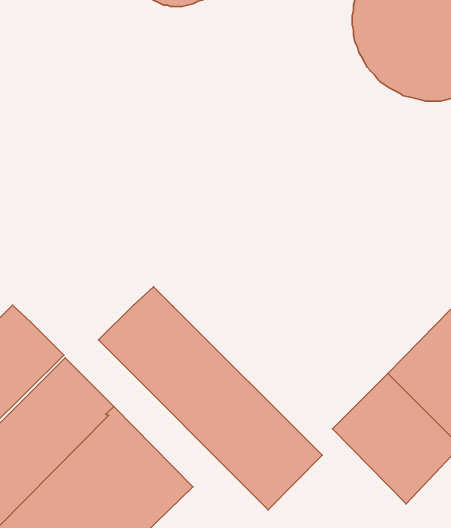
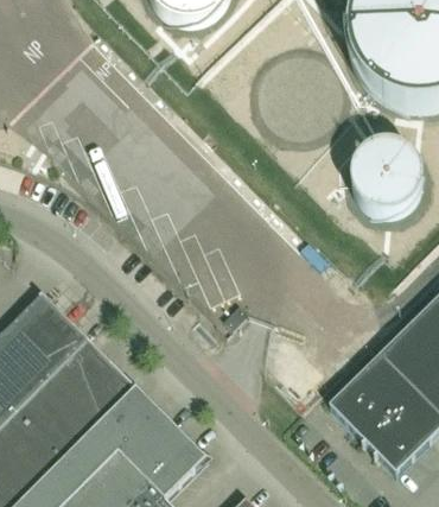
building: none -> [352,145,422,216]
building: [98,287,322,510] -> none

